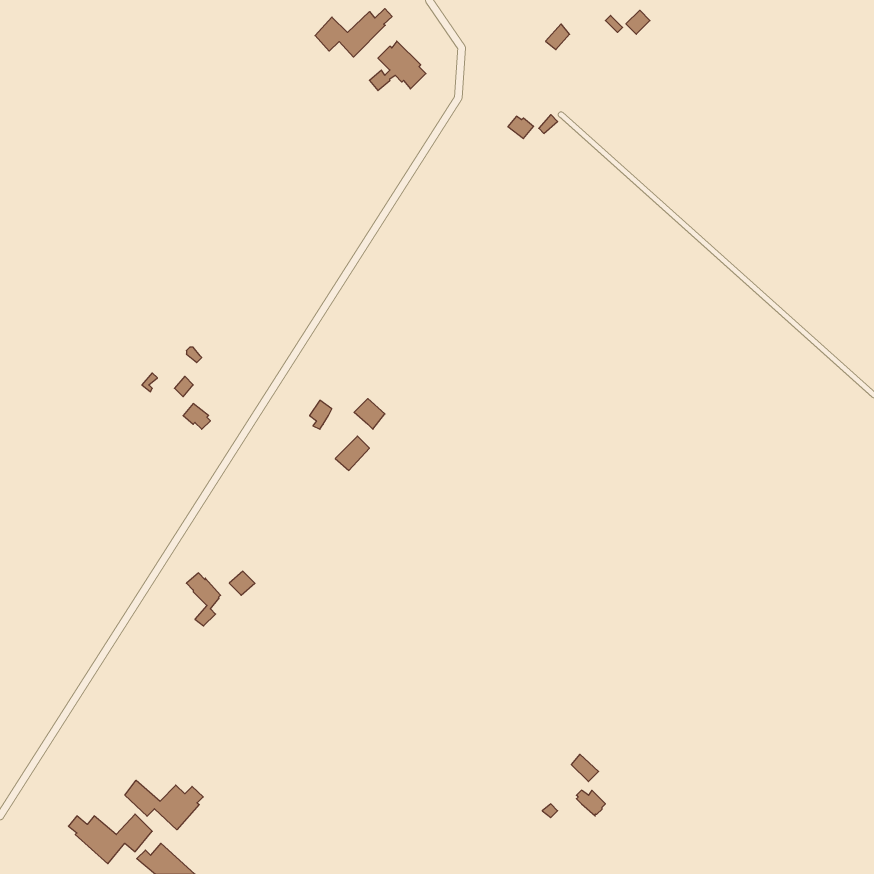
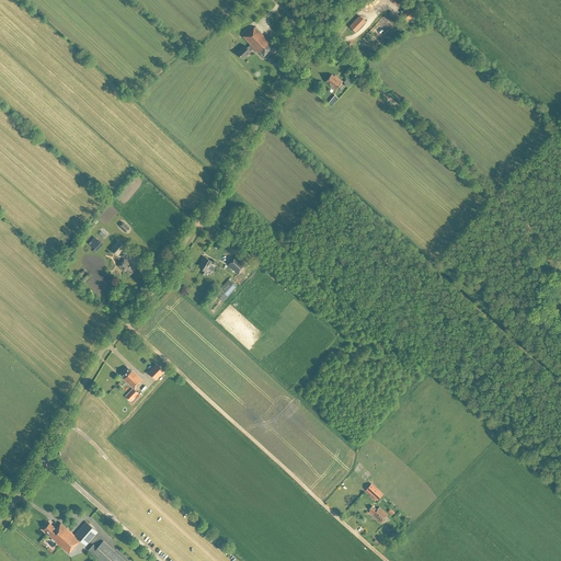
building: [315,9,392,57] -> none
building: [125,780,203,830] -> none

